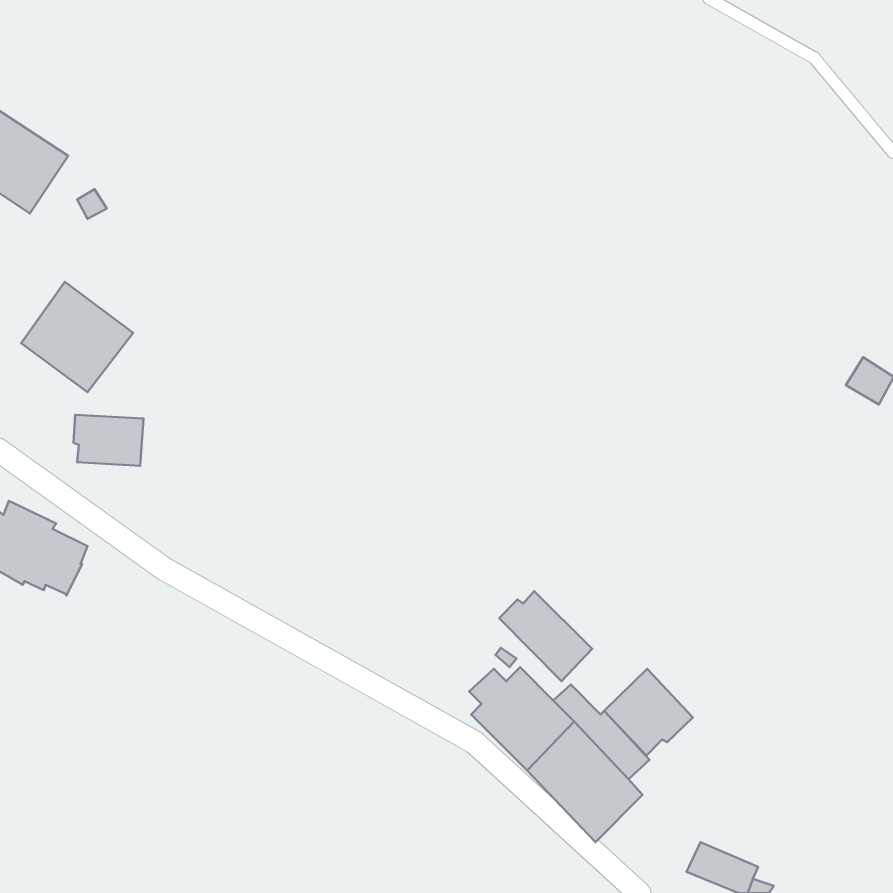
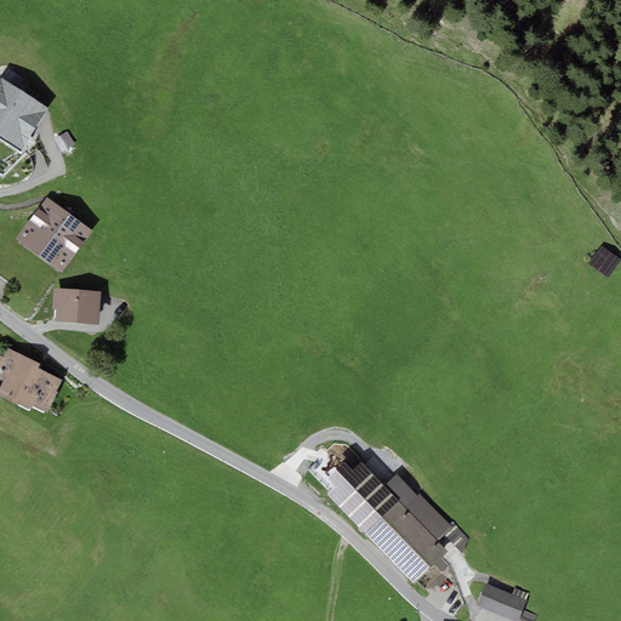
building: [499,591,592,681] -> none
building: [604,669,693,755] -> none

